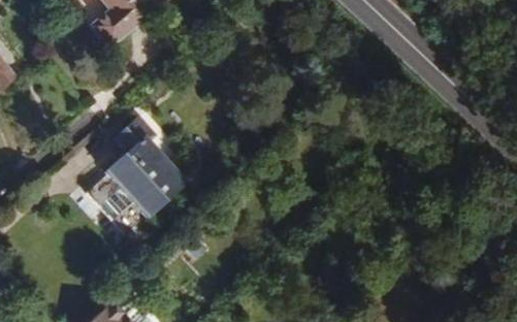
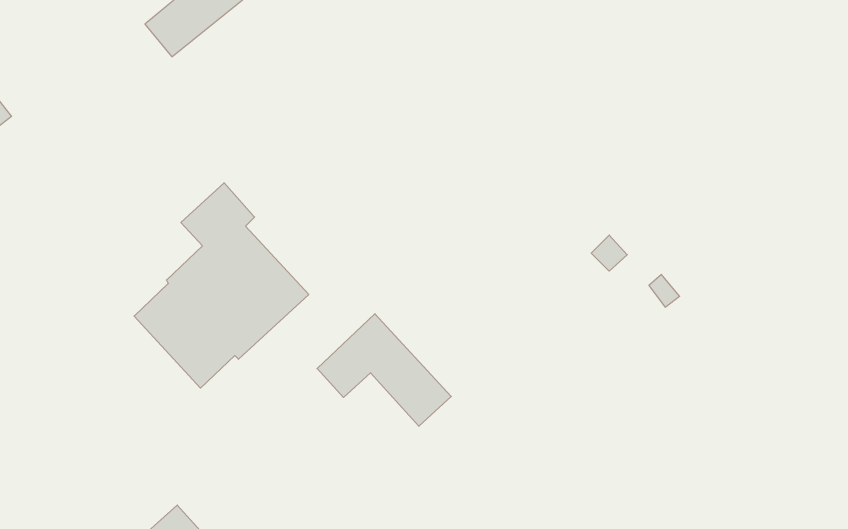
building: none -> [317,314,451,426]

